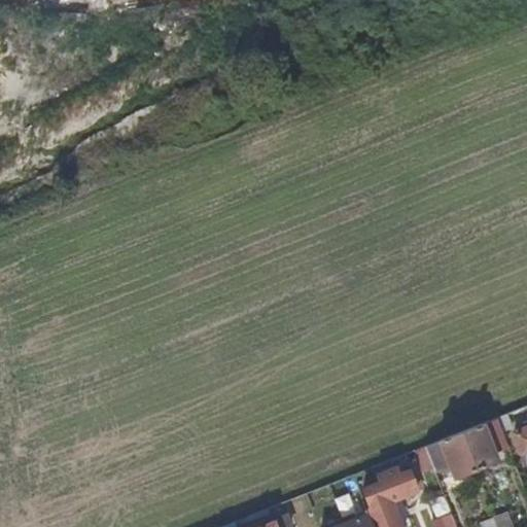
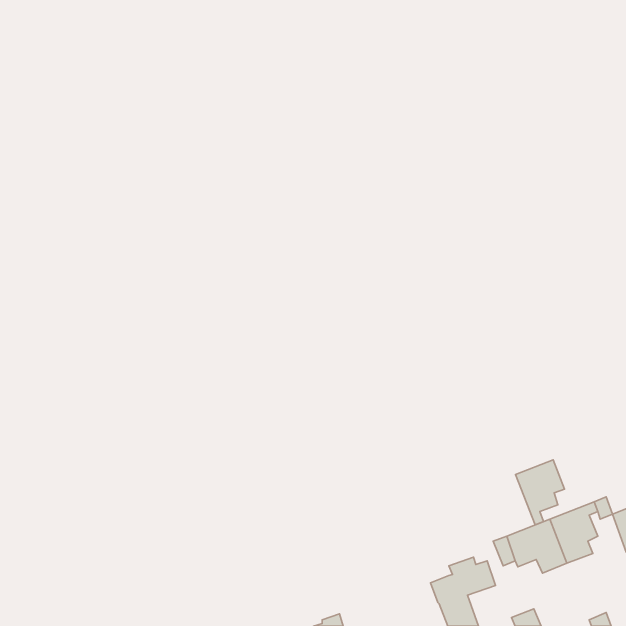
building: none -> [515,460,565,525]

